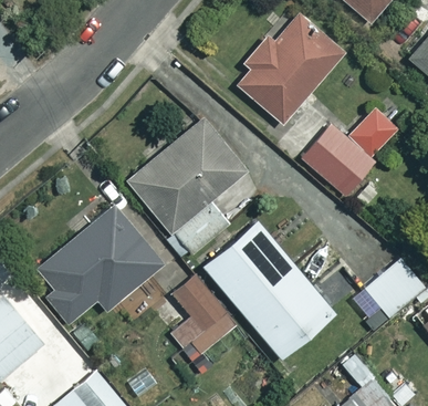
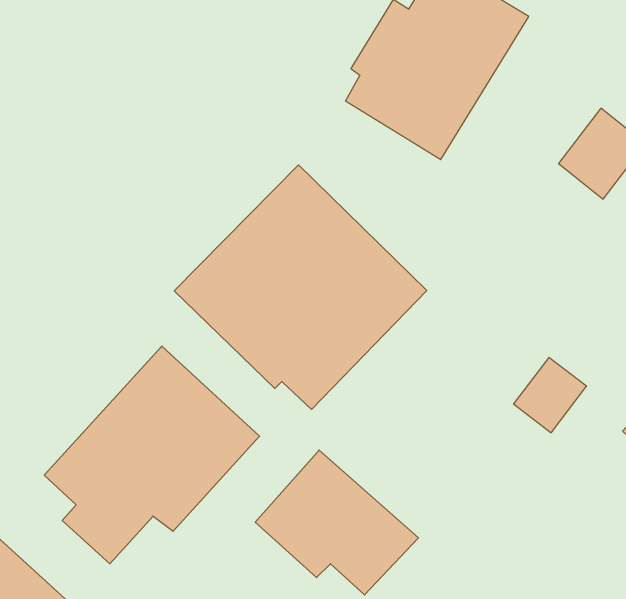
building: [290,128,362,200] -> none
building: [201,219,335,358] -> none

